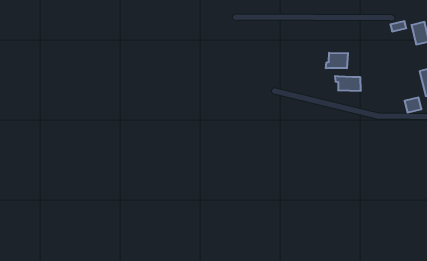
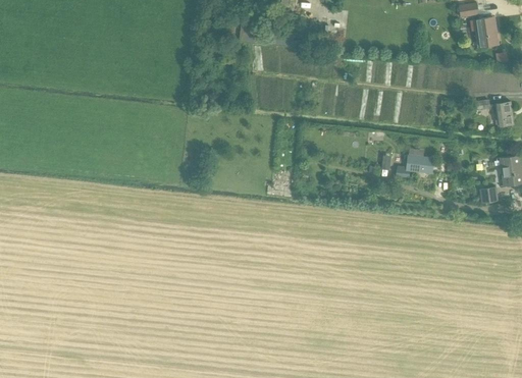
building: [326,53,348,68] -> none

